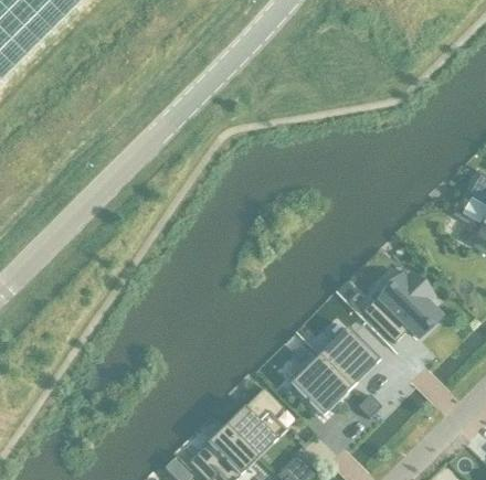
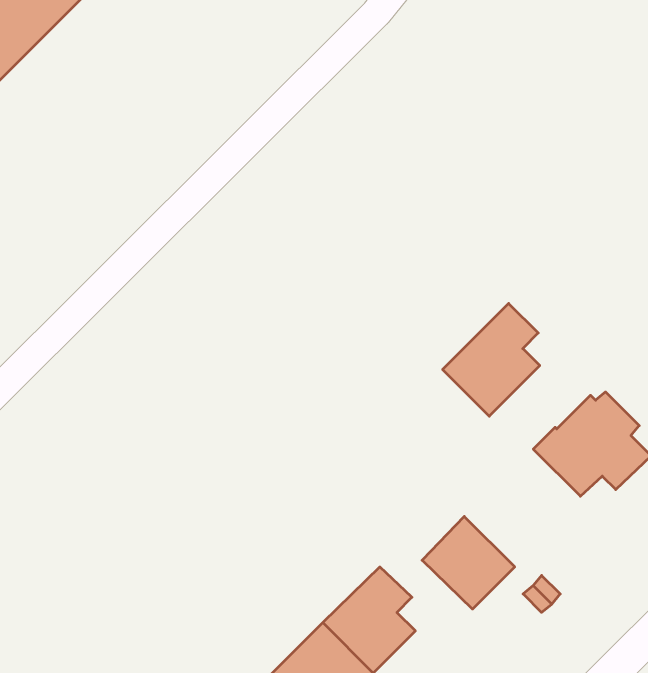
building: none -> [443,303,540,416]
building: [318,327,379,387] -> none

